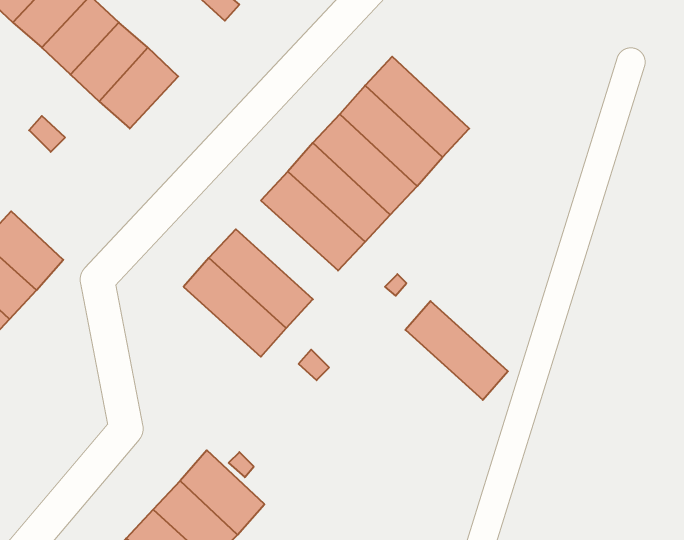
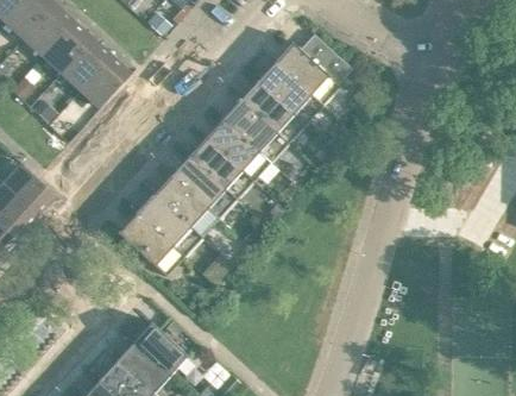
building: none -> [272,34,351,108]
building: none -> [117,213,185,279]
building: [405,301,508,400] -> [169,156,237,221]

